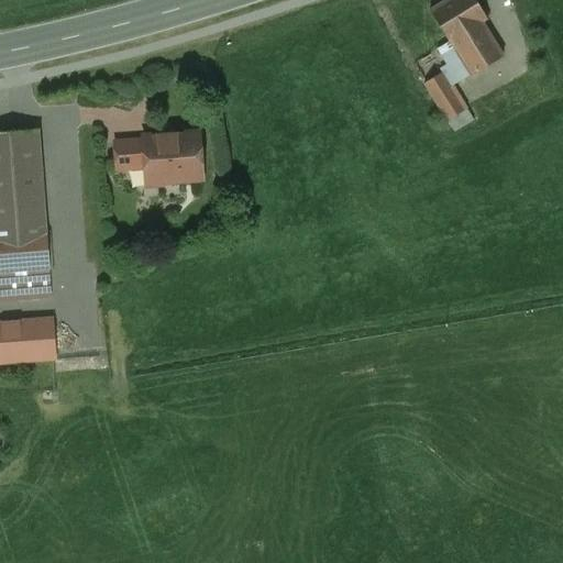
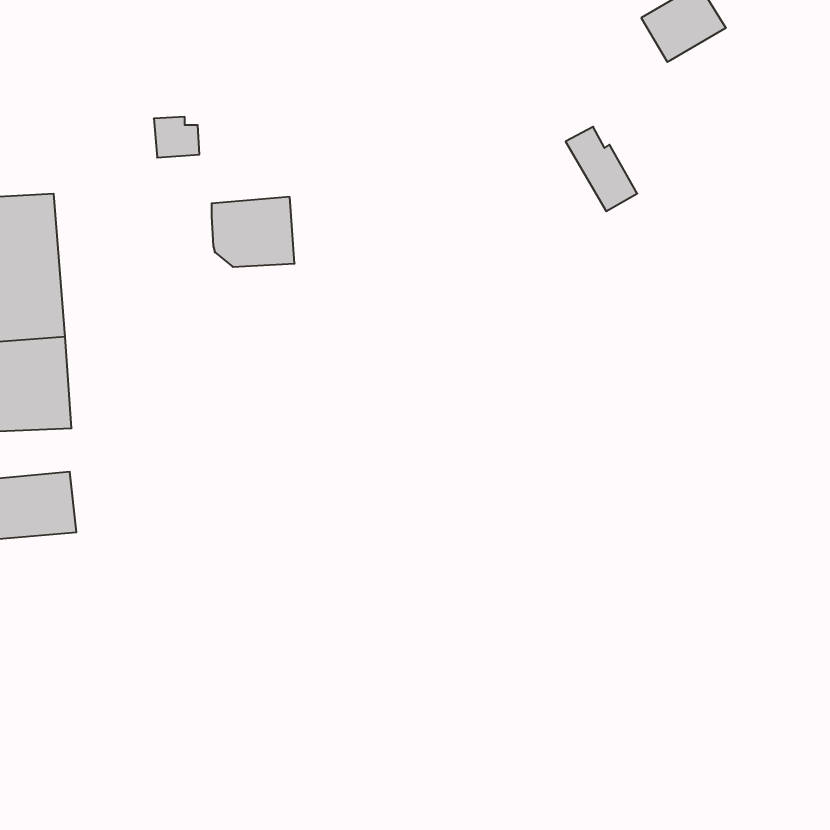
building: [453,22,505,75] -> none
building: [424,70,473,128] -> [566,127,637,211]
building: [113,141,144,168] -> [154,117,199,158]

